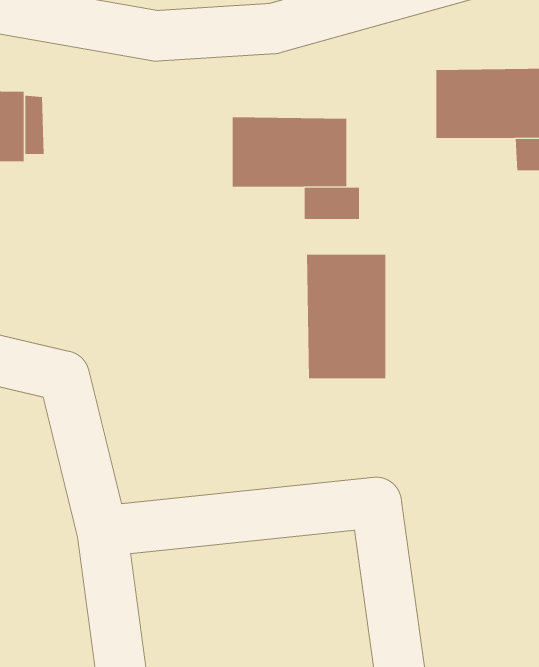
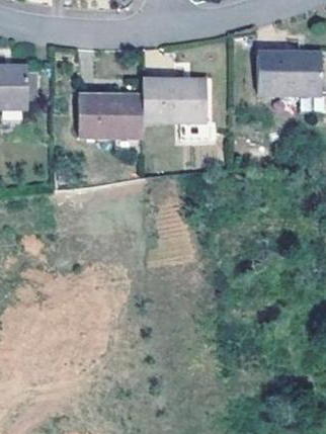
building: none -> [78,96,144,137]
building: [306,254,386,379] -> none

